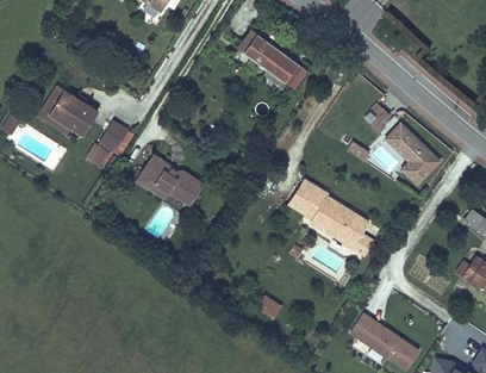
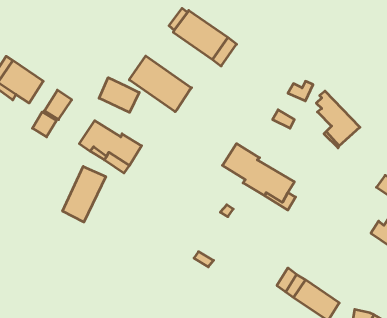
building: none -> [129,56,192,112]
building: none -> [99,78,139,112]
building: none -> [63,166,106,222]

